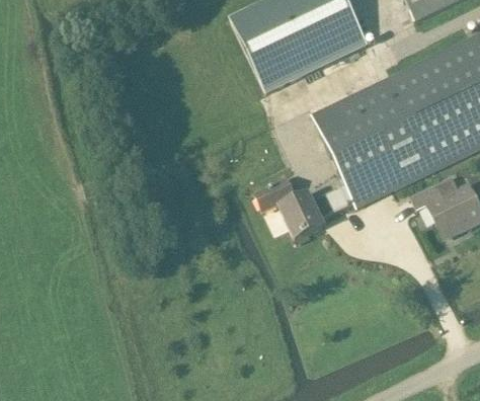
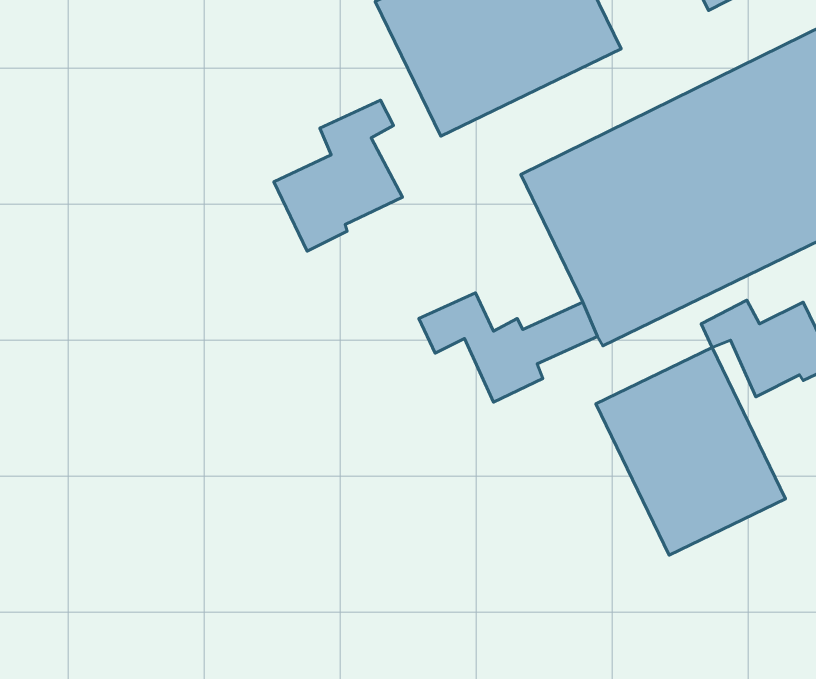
building: none -> [274,100,402,251]
building: none -> [596,348,786,555]

